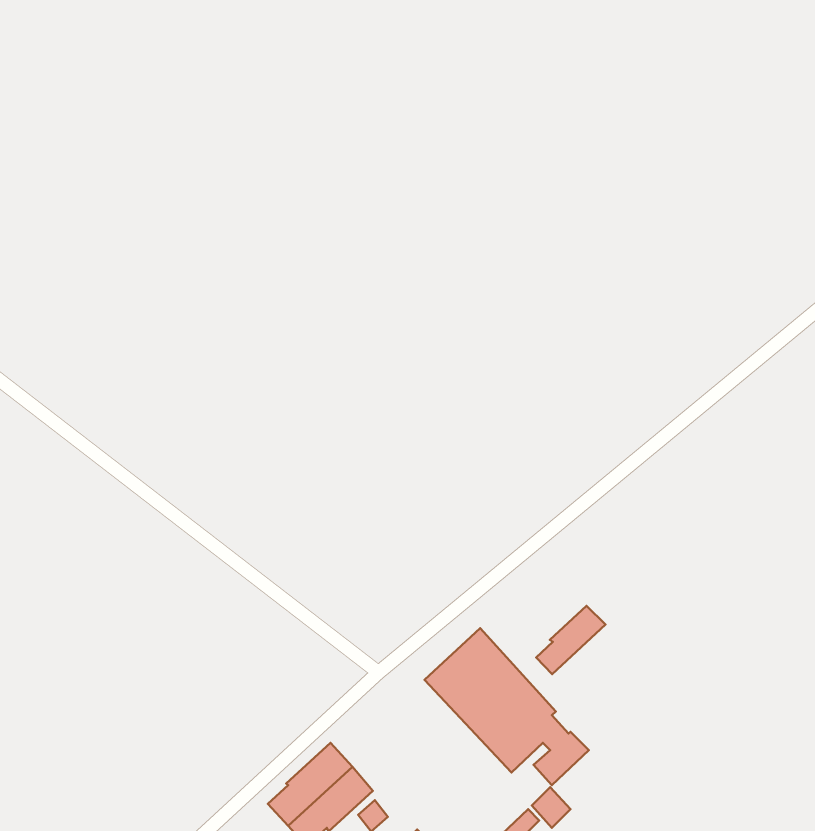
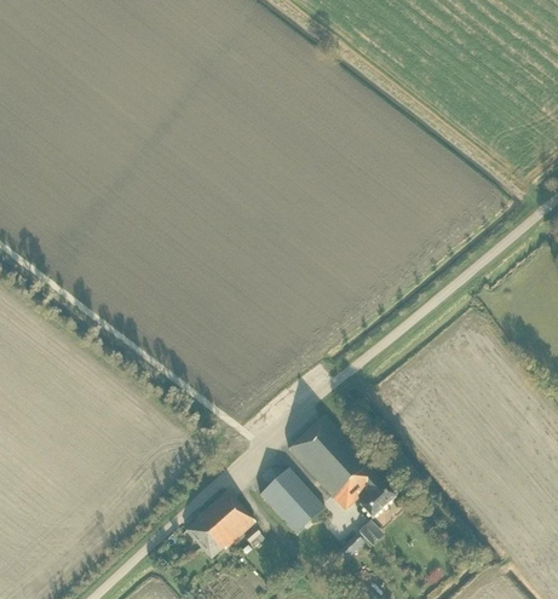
building: [536,606,605,674] -> none
building: none -> [260,467,324,534]

